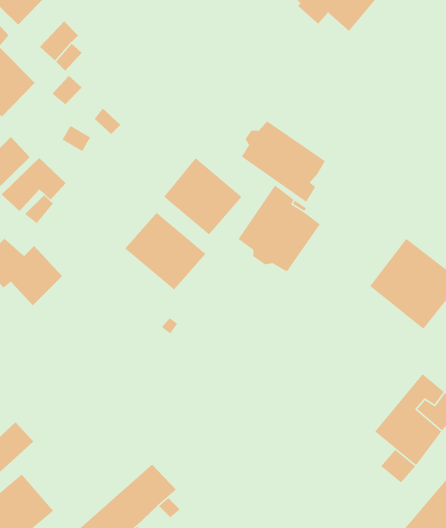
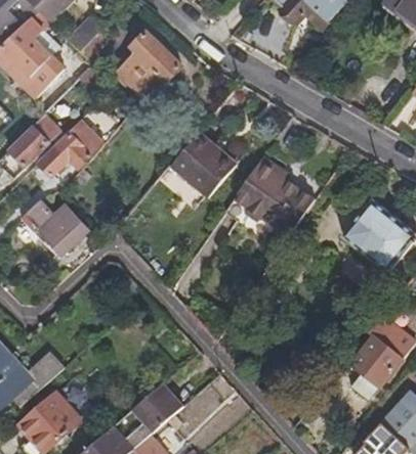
building: none -> [116,32,182,98]
building: [241,120,326,203] -> none
building: [124,212,206,291] -> none

